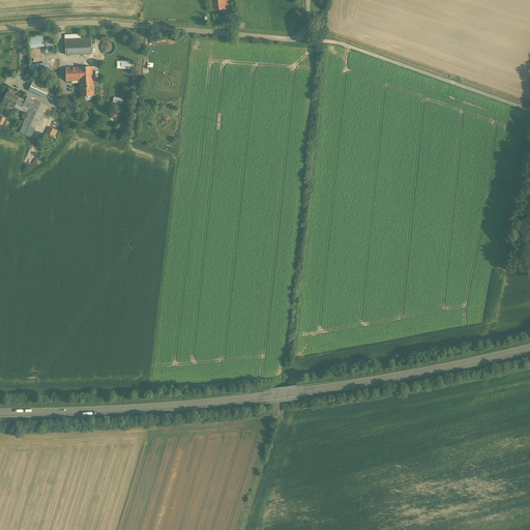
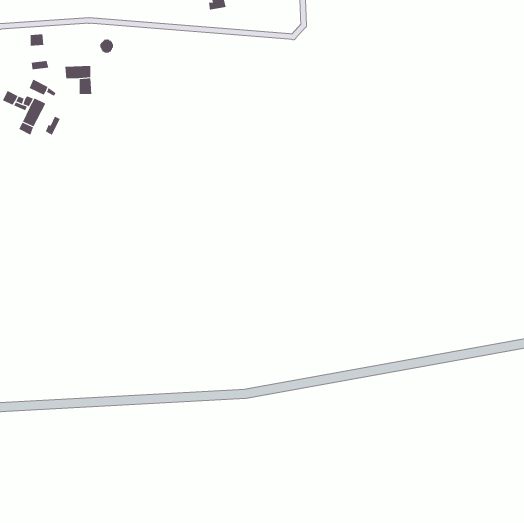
building: [65,37,91,54] -> none

